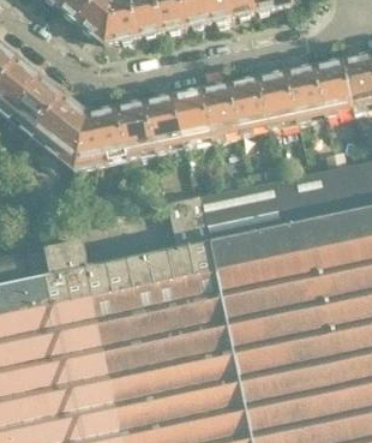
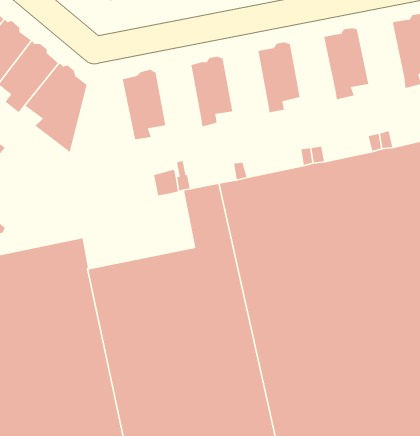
building: [310,59,348,120] -> none
building: [253,71,290,131] -> none
building: [197,83,234,143] -> none
building: [140,94,178,154] -> none
building: [68,106,122,170] -> none

